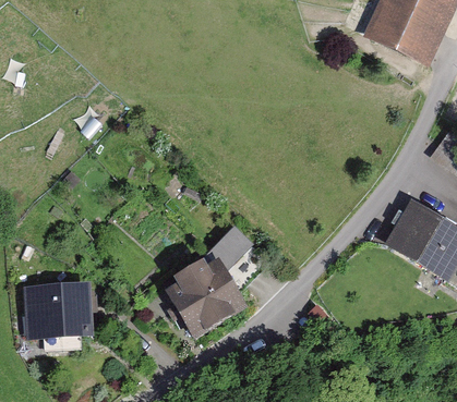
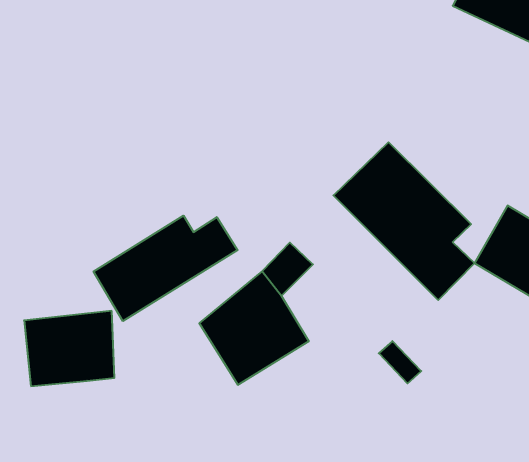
building: none -> [333,142,475,300]
building: none -> [94,216,238,321]

